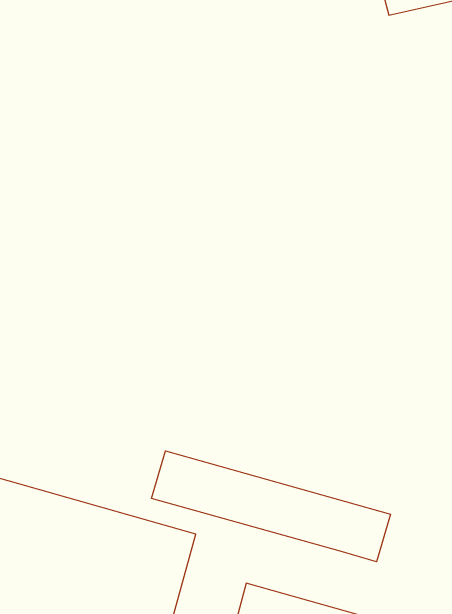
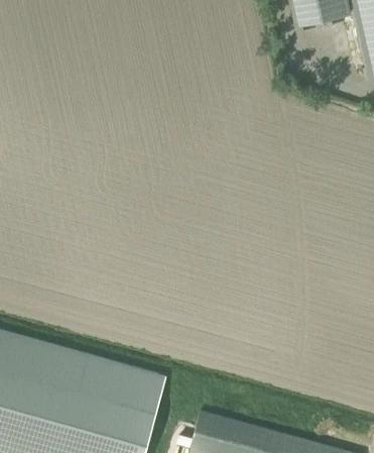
building: [152,451,390,562] -> none

